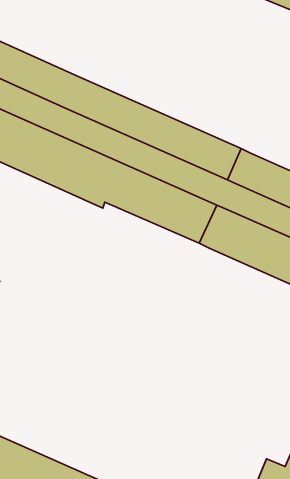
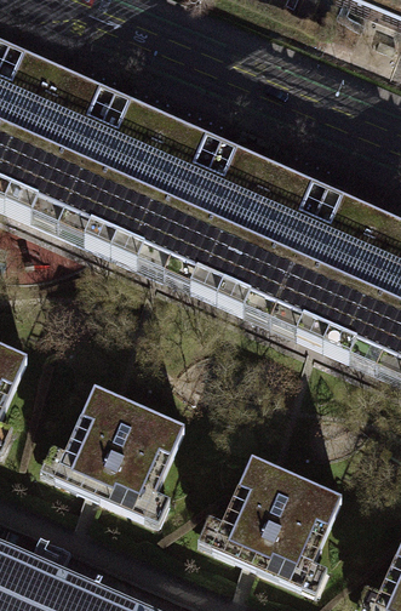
building: none -> [36,384,187,513]
building: none -> [193,453,344,583]

